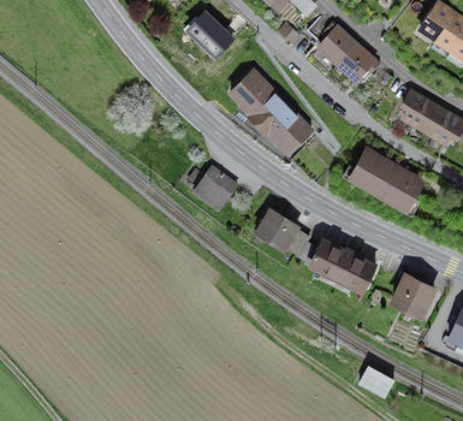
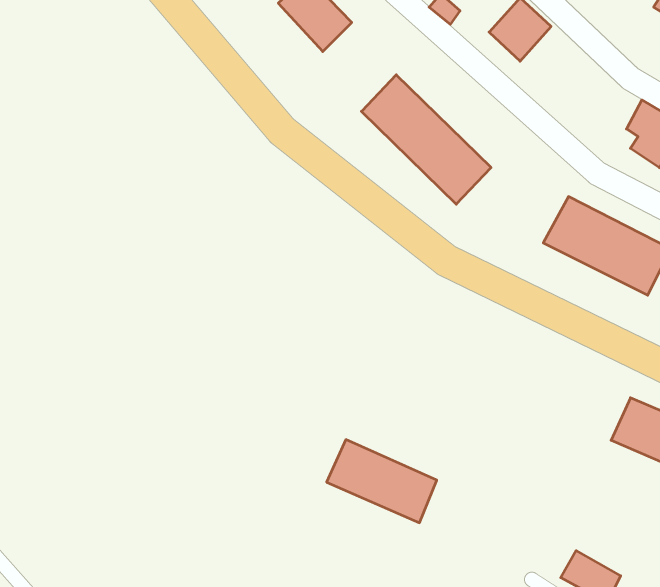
building: [334,43,375,83] -> none
building: [196,168,241,210] -> none
building: [261,209,307,253] -> none
building: [316,242,385,293] -> [327,440,437,523]

